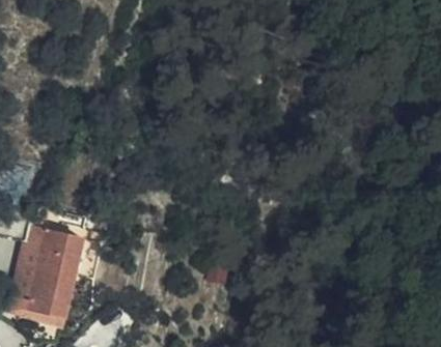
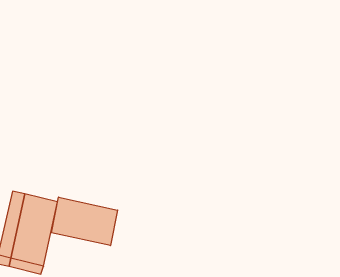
building: none -> [51,197,118,246]

